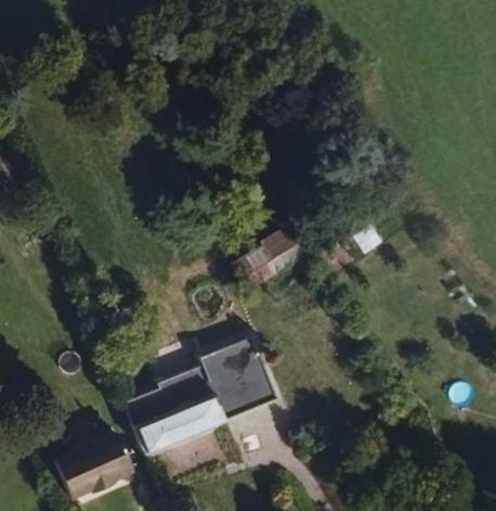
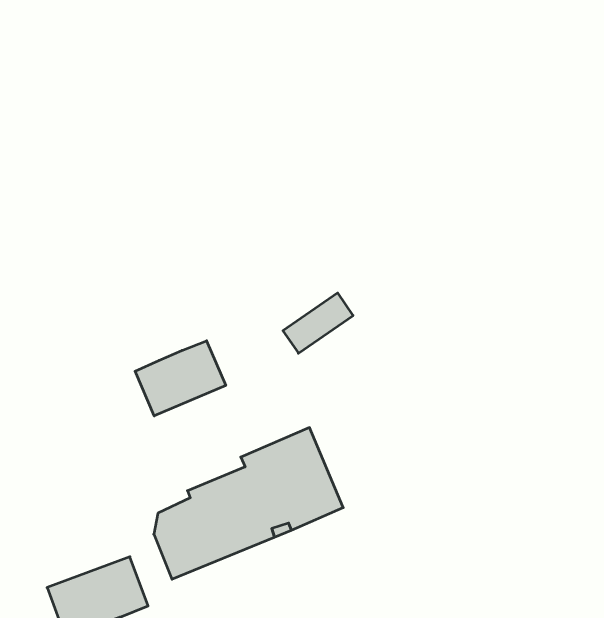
building: none -> [135,341,226,416]

